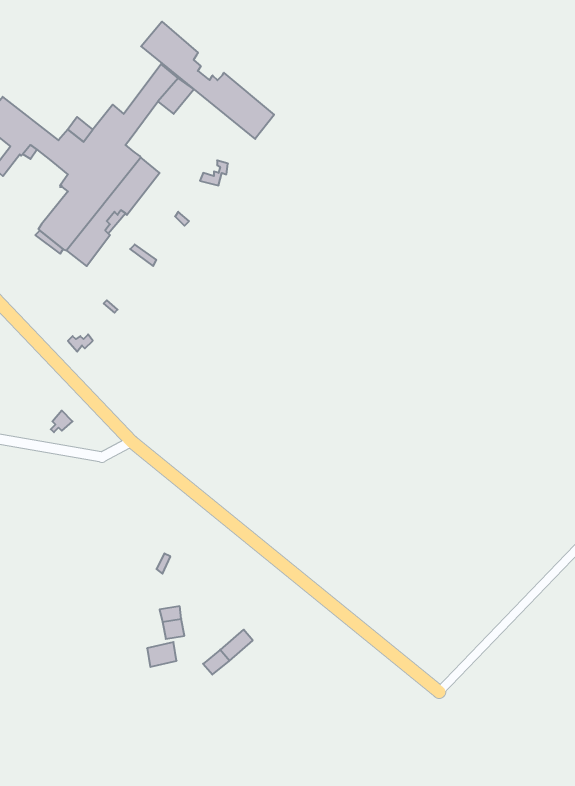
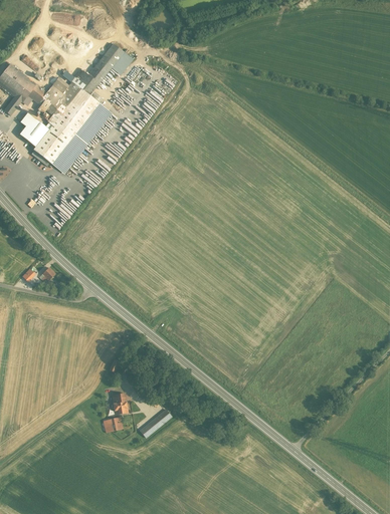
building: [141,22,274,139] -> none
building: none -> [19,112,52,147]

